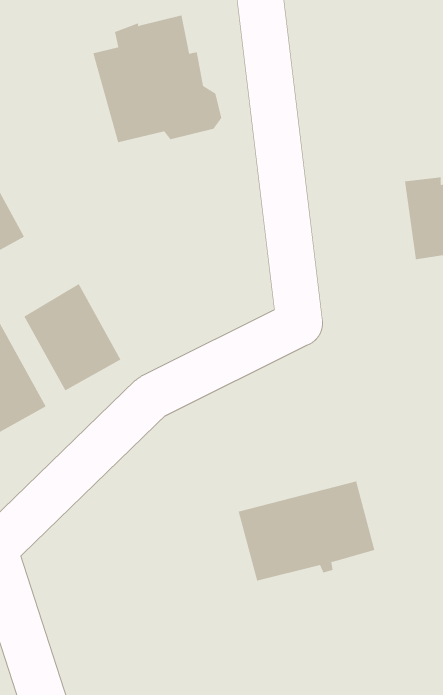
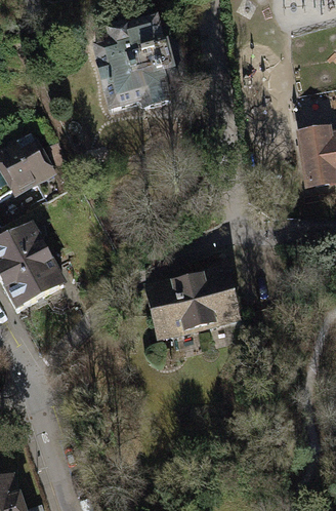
building: [23,283,121,391] -> none
building: [238,481,375,581] -> [146,270,238,337]

